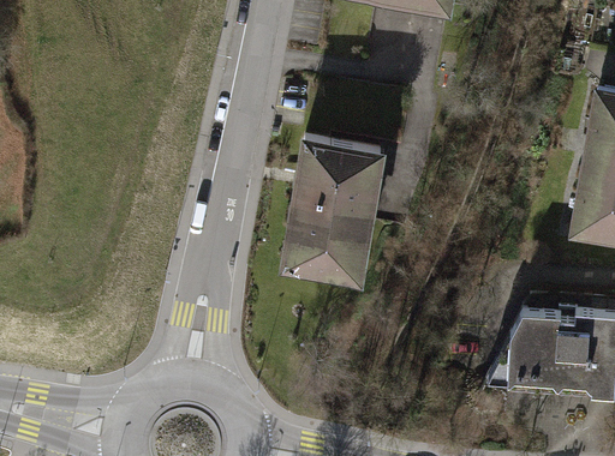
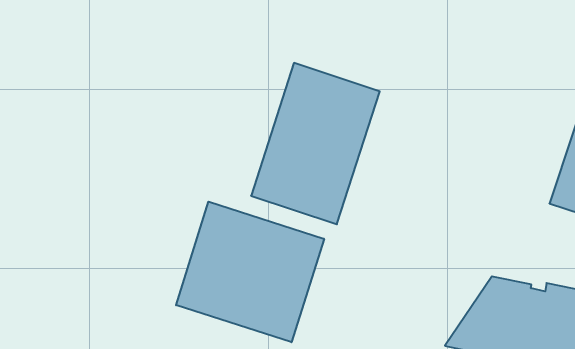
building: none -> [176,202,324,342]

